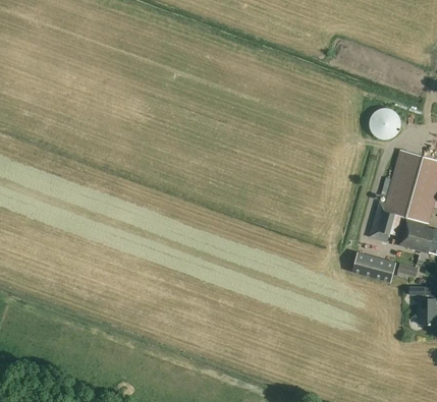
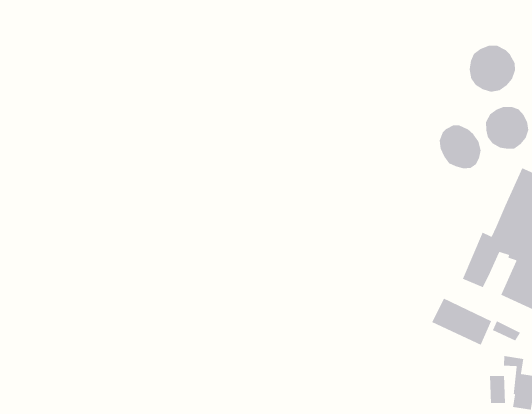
building: none -> [469,45,516,93]
building: none -> [439,124,482,169]

